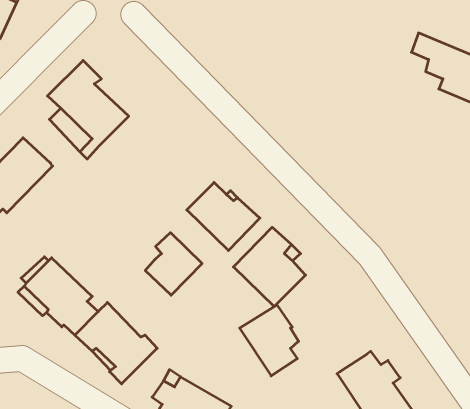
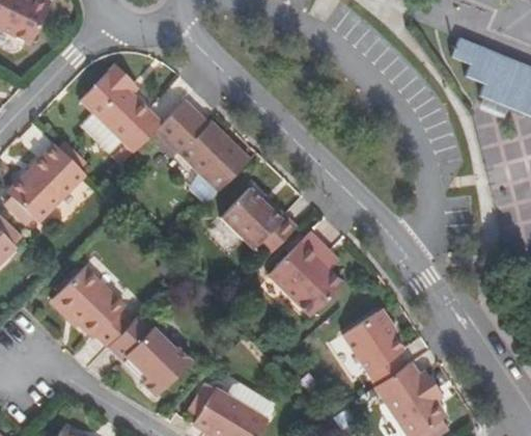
building: none -> [156,101,249,191]
building: [145,233,202,295] -> none
building: [240,305,299,376] -> [346,310,407,383]

